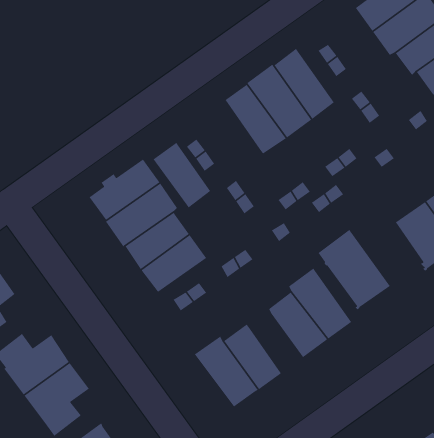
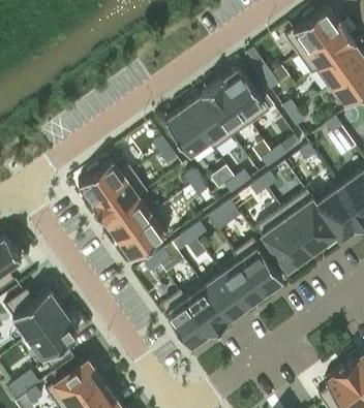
building: [153,142,211,209] -> [164,109,210,161]
building: none -> [280,192,337,254]
building: none -> [204,276,244,321]

